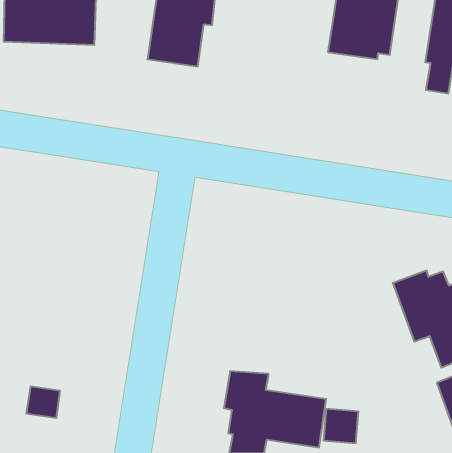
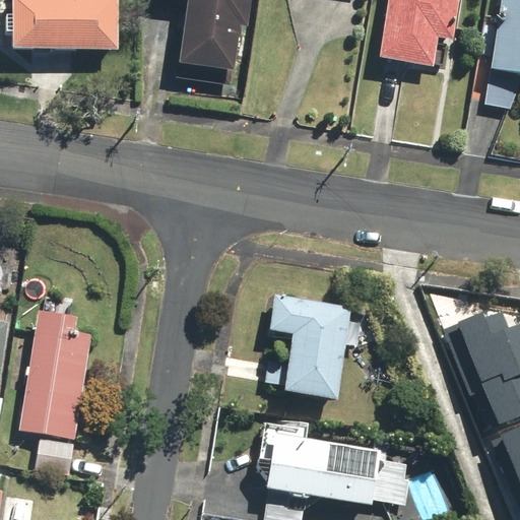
building: none -> [270,295,351,401]
building: none -> [20,309,95,438]

